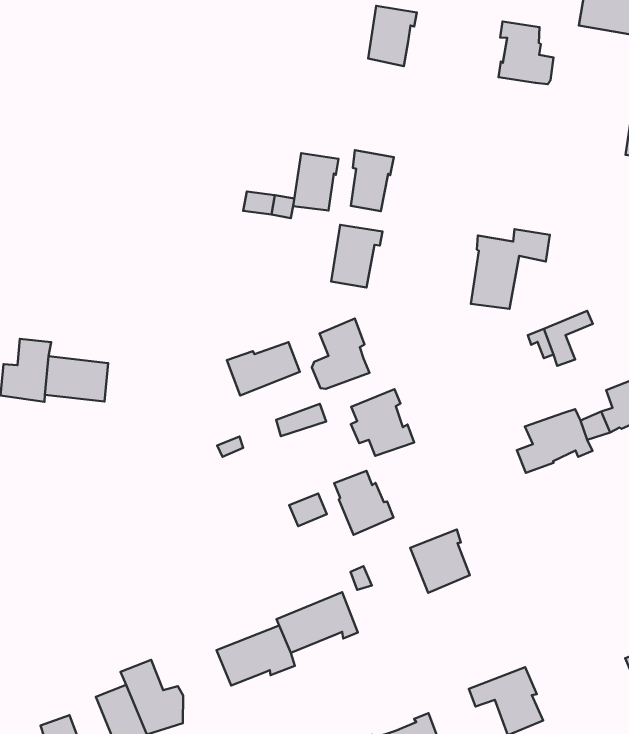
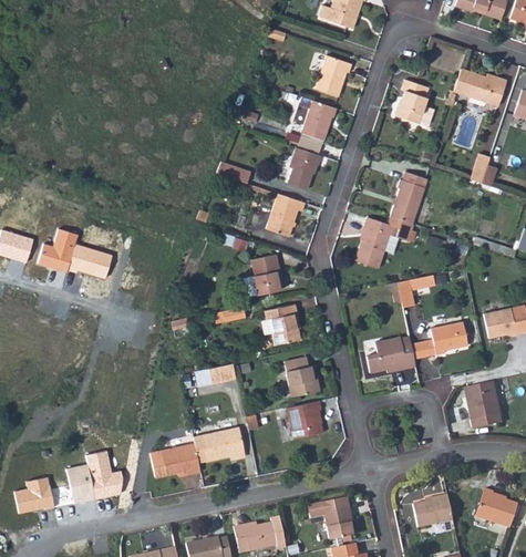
building: [293,153,338,210] -> [301,100,336,140]
building: none -> [390,169,427,221]
building: [227,342,300,396] -> none
building: [334,471,393,535] -> [285,357,319,396]

